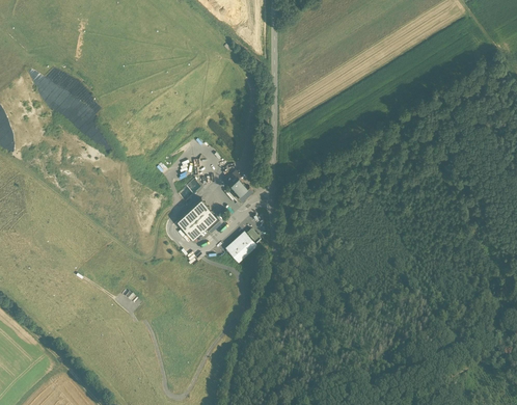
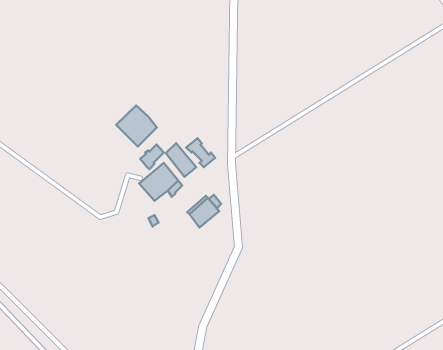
building: none -> [116,106,157,146]
building: none -> [166,143,196,177]

